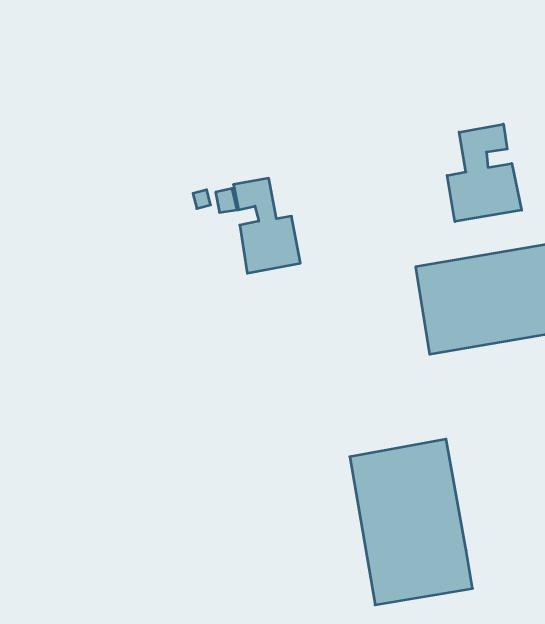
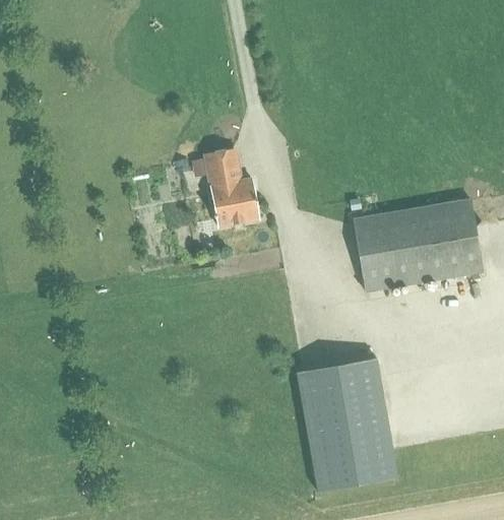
building: [447,124,522,222] -> none

